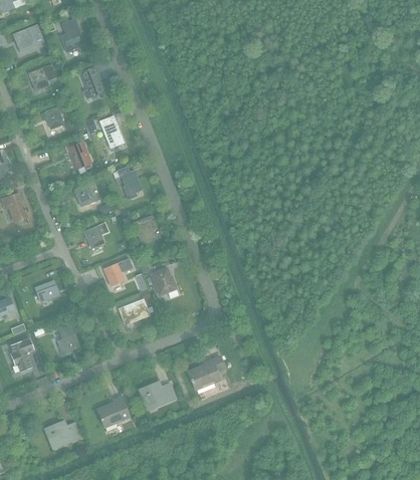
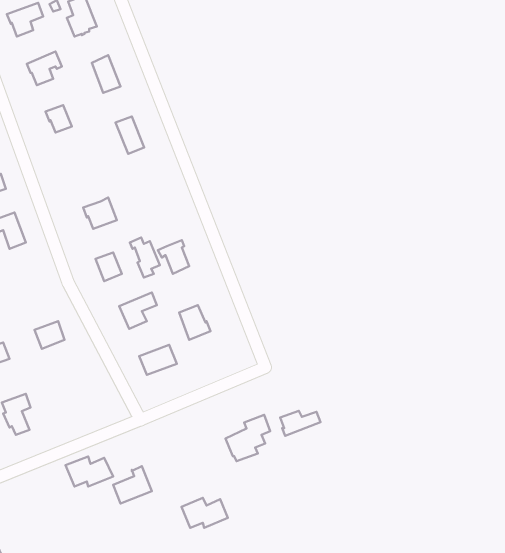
building: [69,142,91,169] -> none
building: [118,167,142,199] -> [130,238,160,278]
building: [56,323,80,354] -> none
building: none -> [280,411,320,436]
building: [139,382,176,406] -> [182,498,228,528]
building: [43,421,81,445] -> [66,456,113,486]

